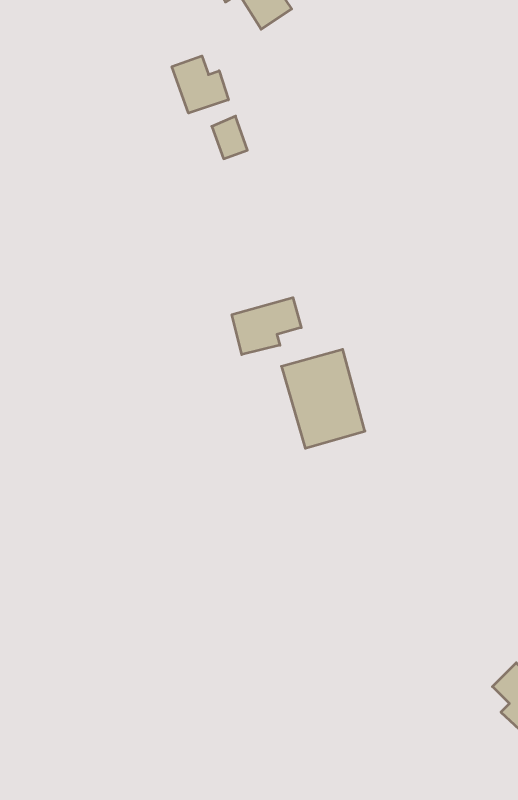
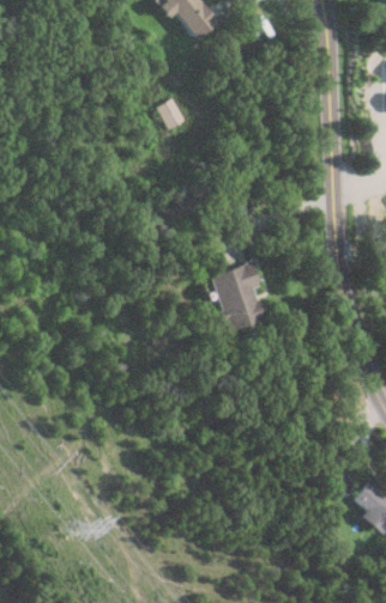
building: [172,56,228,113] -> none
building: [232,298,301,355] -> none

